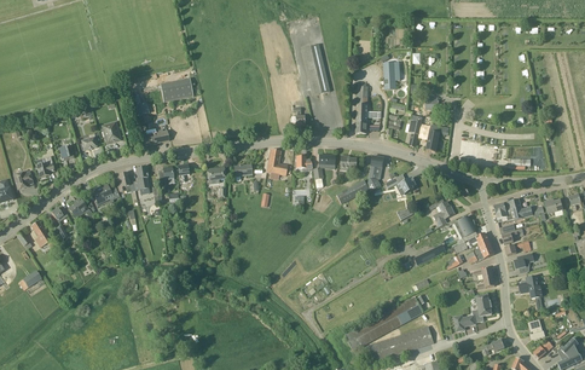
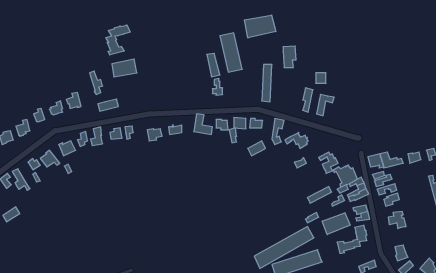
building: none -> [244,15,276,38]
building: none -> [106,25,130,55]
building: none -> [322,213,350,235]

